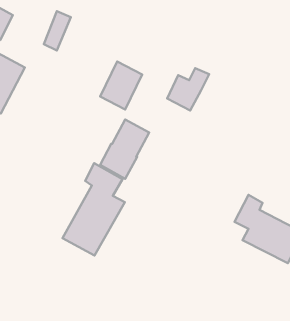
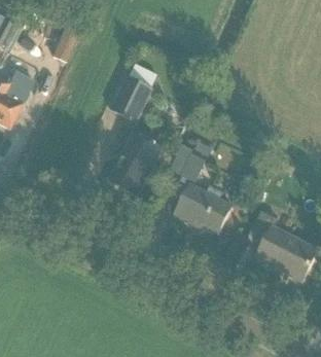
building: [167,68,209,110] -> [170,137,213,180]
building: [63,163,125,256] -> none
building: none -> [173,183,231,231]

